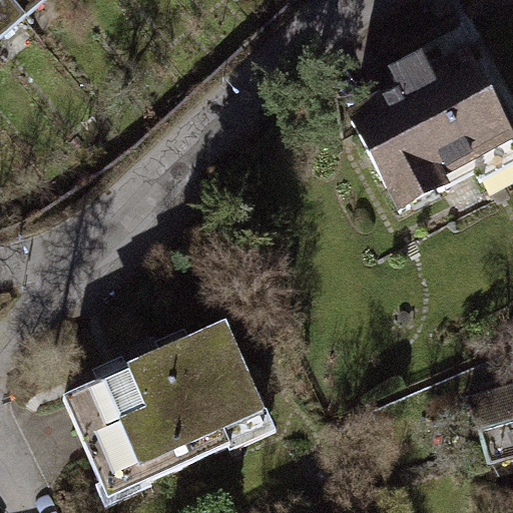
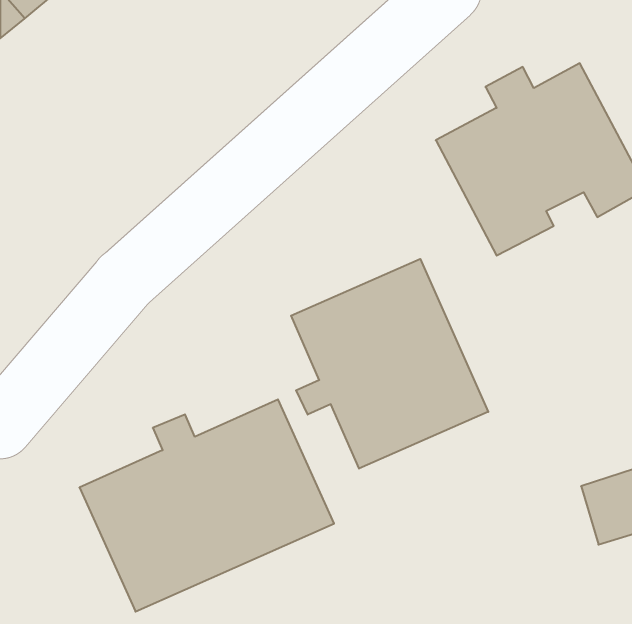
building: none -> [291,259,488,469]

